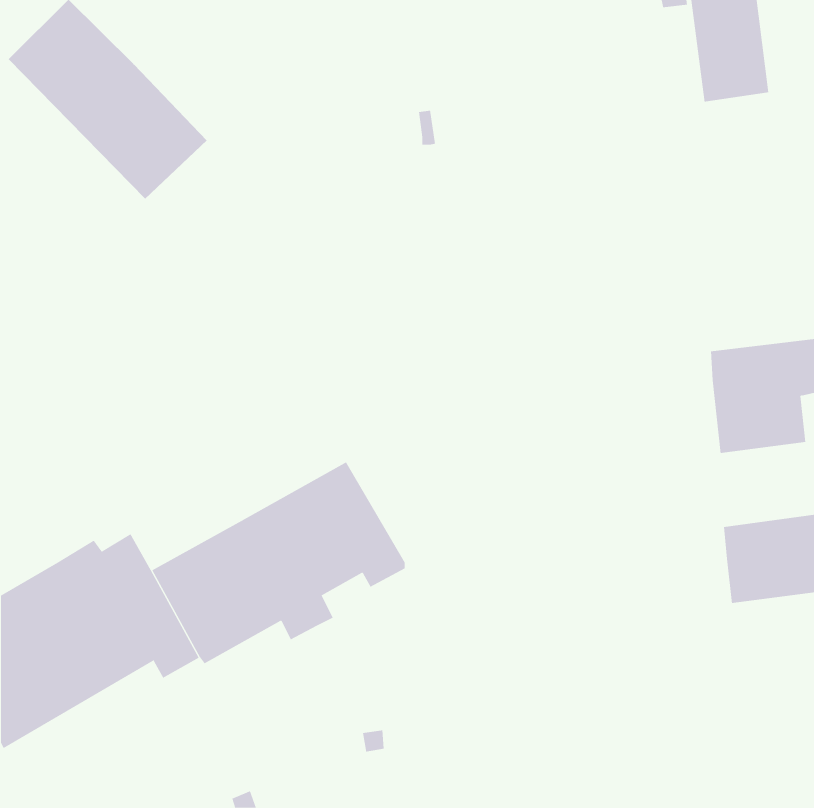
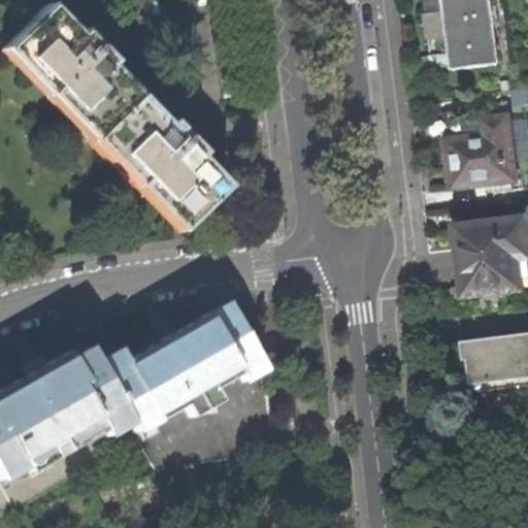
building: none -> [95,91,224,221]
building: none -> [450,116,517,188]

